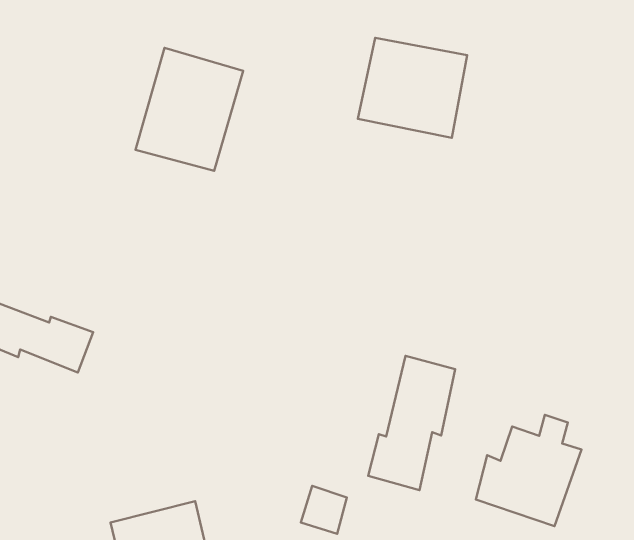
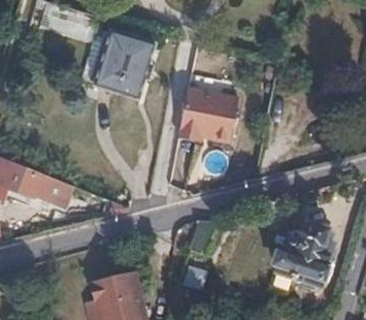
building: [358,38,467,138] -> [182,75,241,129]
building: [368,356,455,490] -> none

